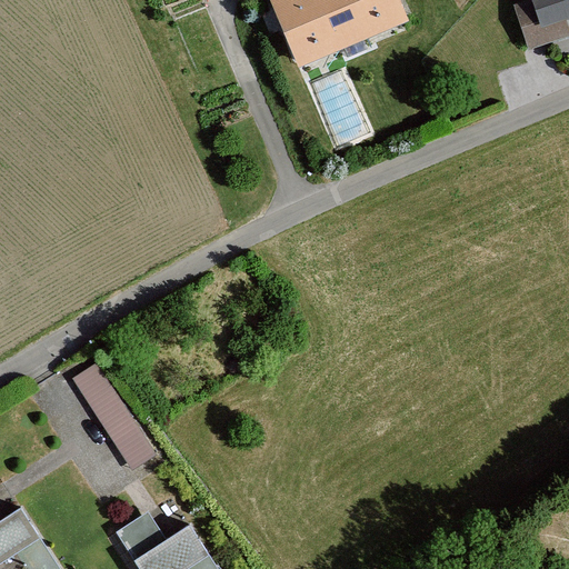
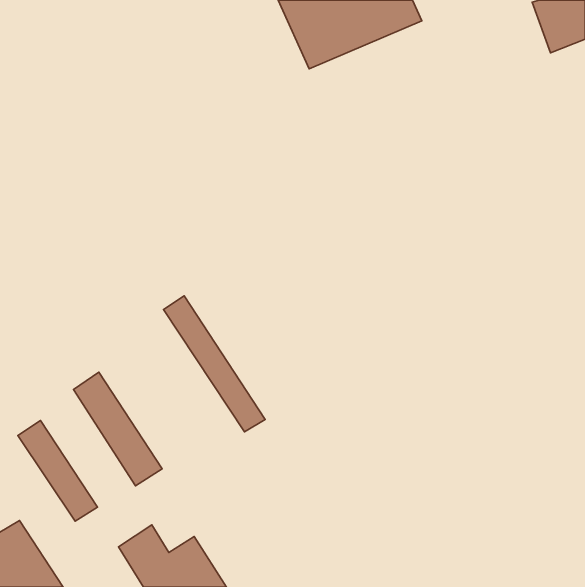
building: none -> [163,296,265,432]
building: none -> [18,420,97,521]

